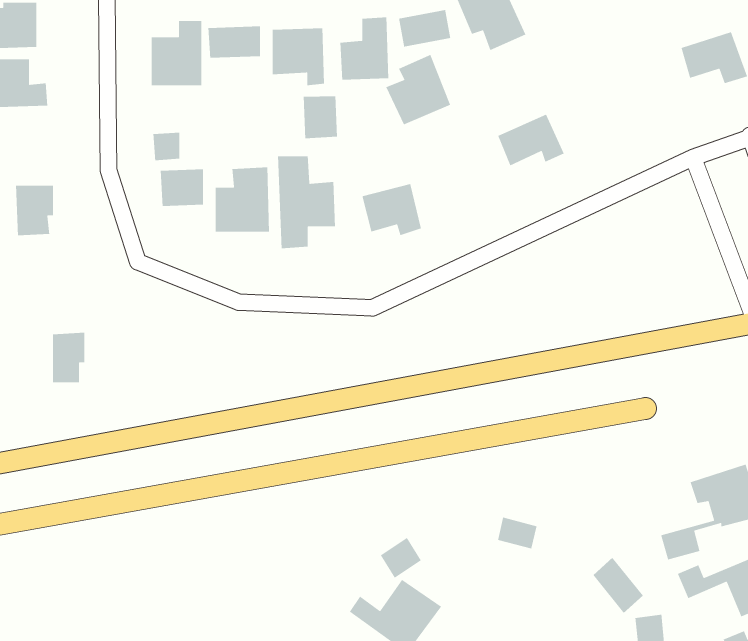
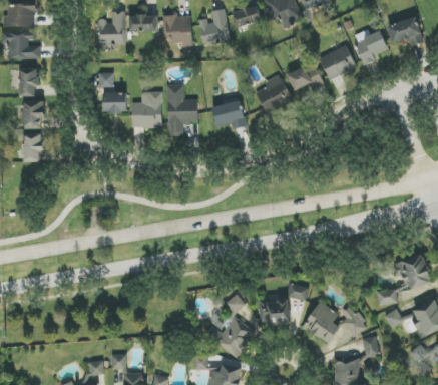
building: none -> [355,29,387,64]
building: [385,54,451,125] -> [256,74,292,113]
building: none -> [319,45,357,80]
building: [303,95,338,139] -> none
building: none -> [19,68,38,97]
building: [52,332,85,383] -> [24,133,42,161]
building: none -> [259,299,289,325]
building: none -> [303,301,340,344]

